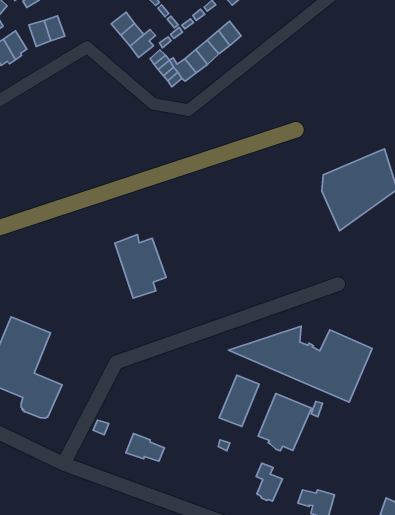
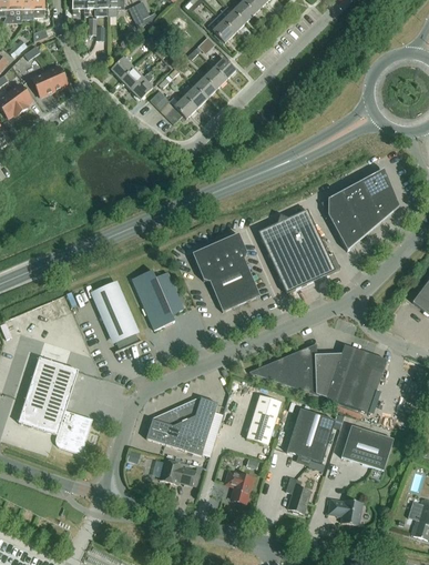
building: none -> [258,209,335,292]
building: none -> [193,233,261,311]
building: none -> [94,282,143,352]
building: none -> [146,397,217,455]
building: none -> [341,425,394,470]
building: none -> [226,471,252,502]

